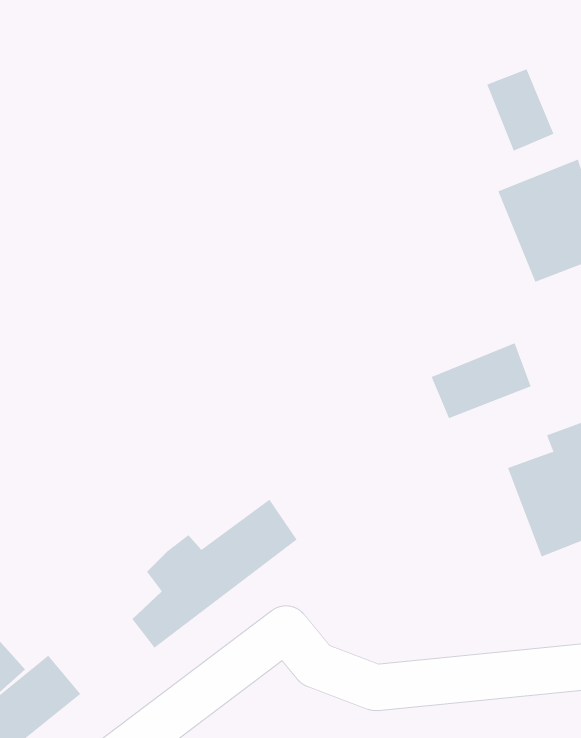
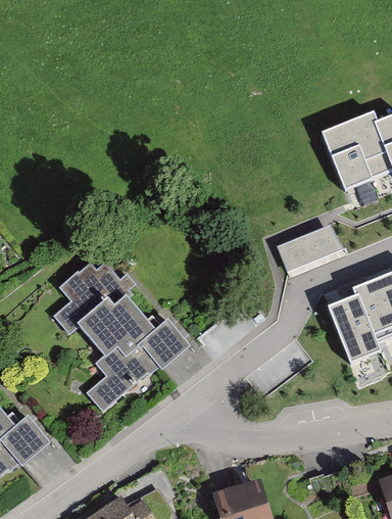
building: [486,68,554,152] -> none
building: none -> [54,266,160,355]

